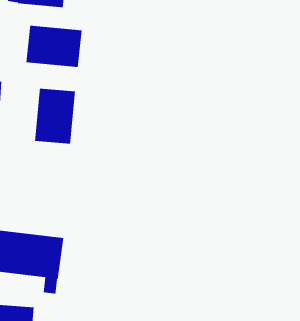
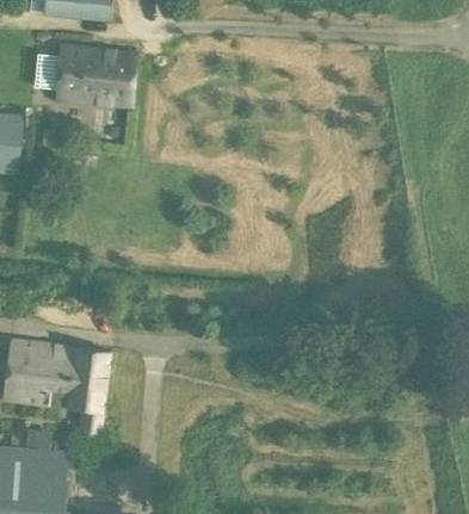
building: [35,88,76,144] -> none

